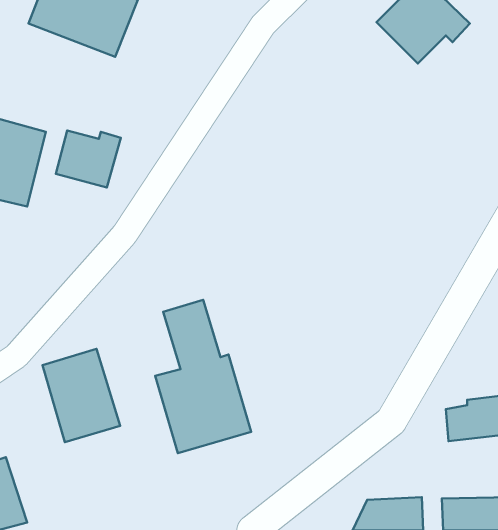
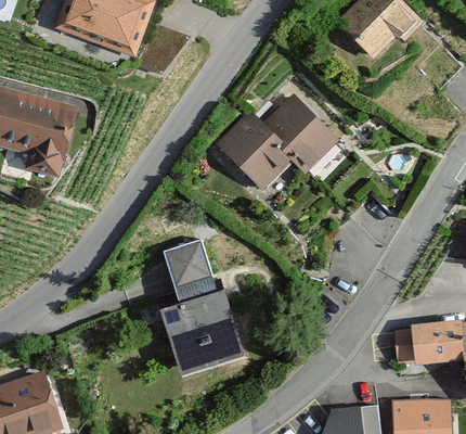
building: none -> [220,99,334,183]
building: [56,130,121,187] -> none
building: [43,349,120,442] -> none

